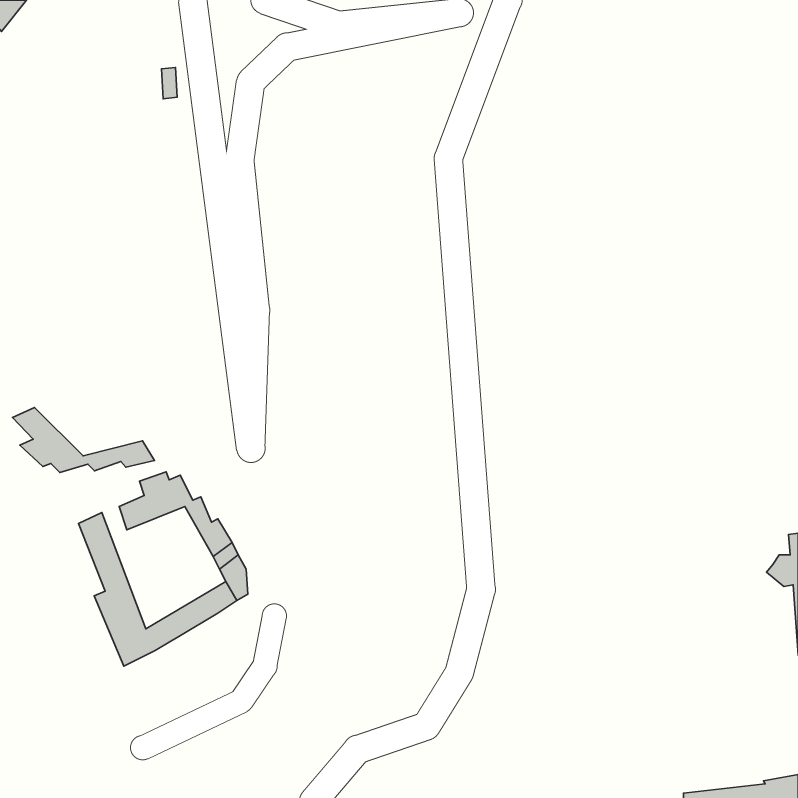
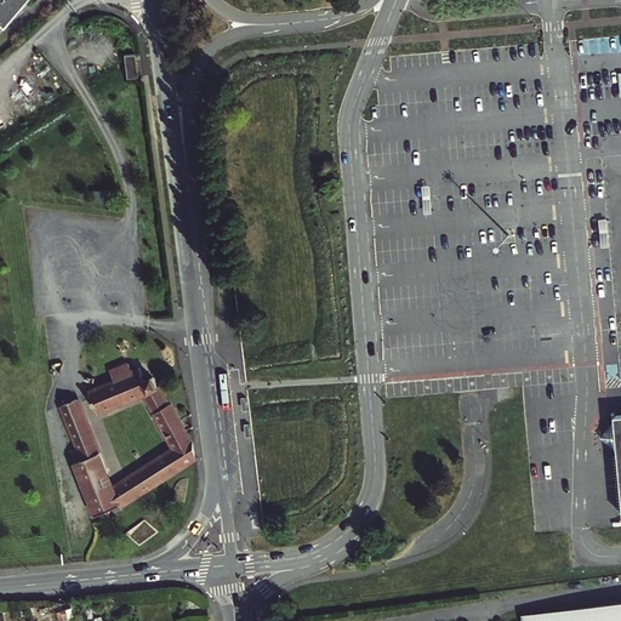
building: [12,408,155,473] -> none

